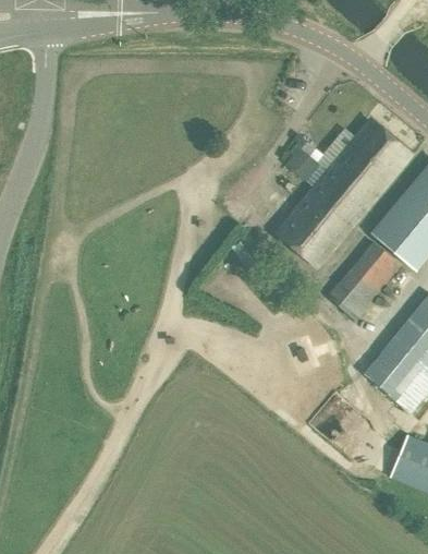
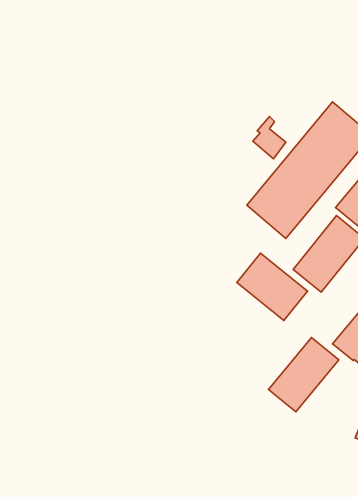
building: none -> [237,253,308,321]
building: none -> [268,337,339,412]

